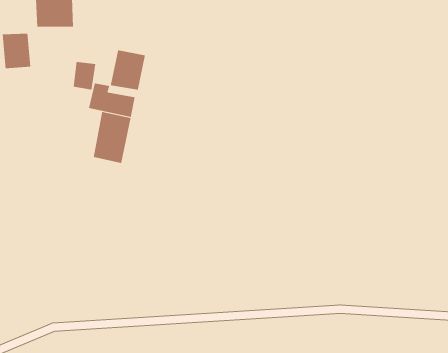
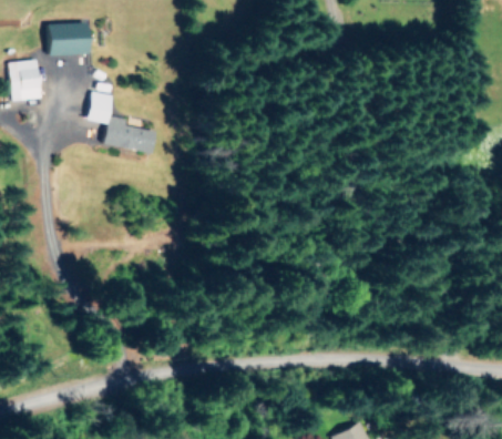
building: [110,50,146,90] -> none
building: [93,111,131,164] -> none

